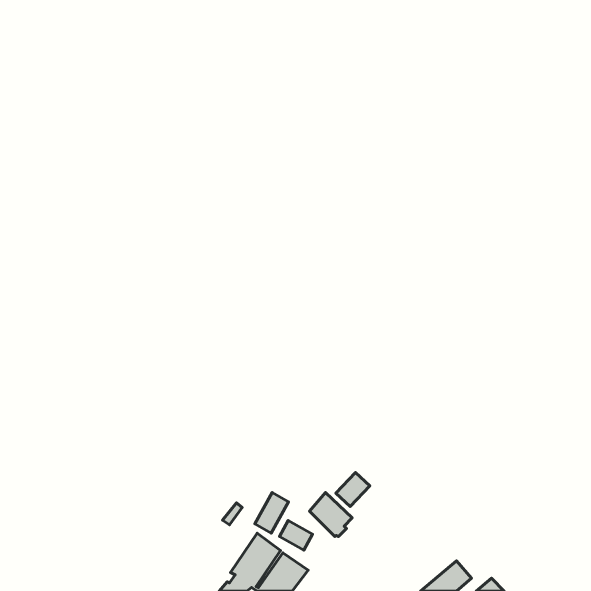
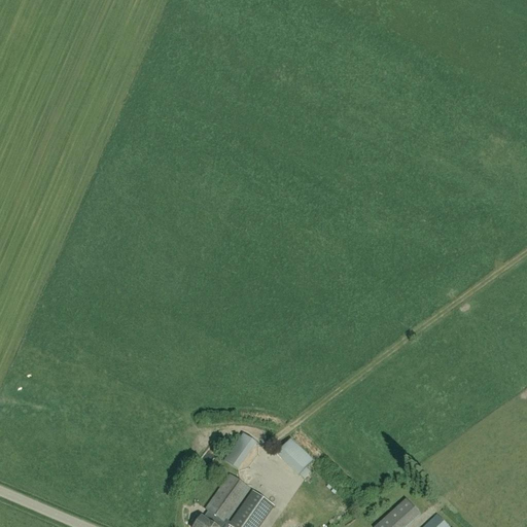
building: [336,473,370,507] -> none
building: [279,521,312,550] -> none

